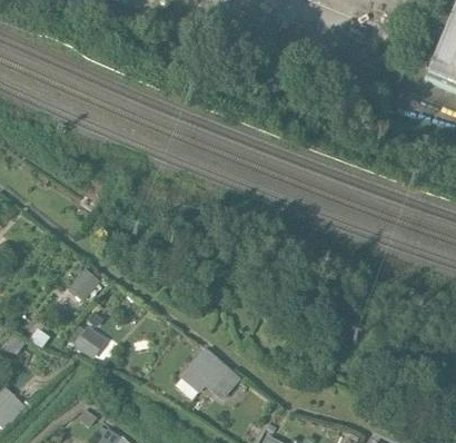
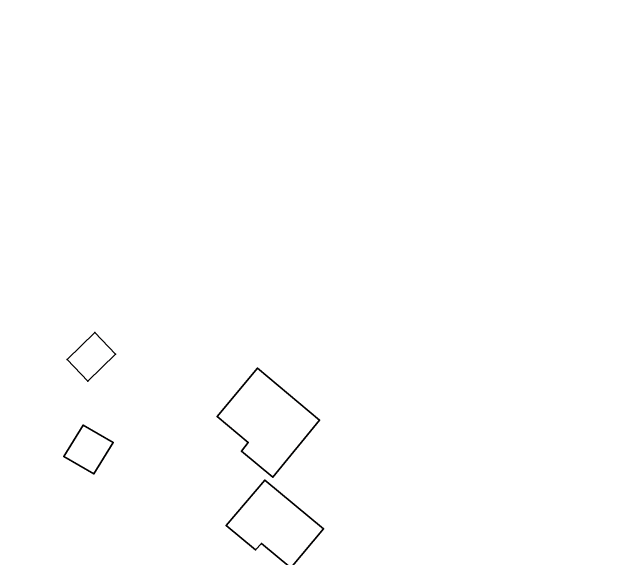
building: none -> [217,368,320,477]

